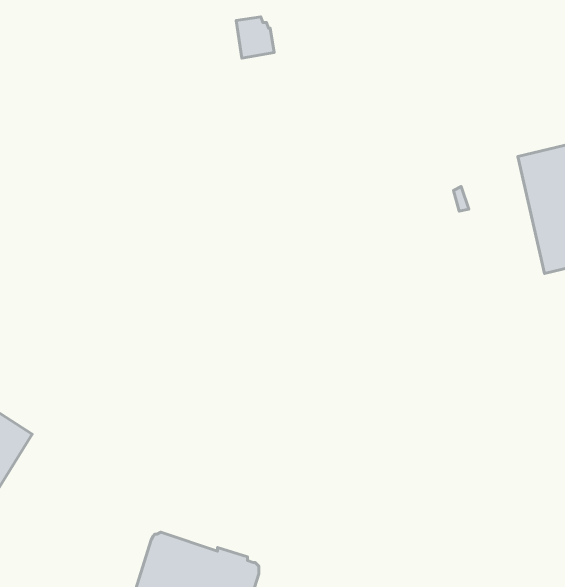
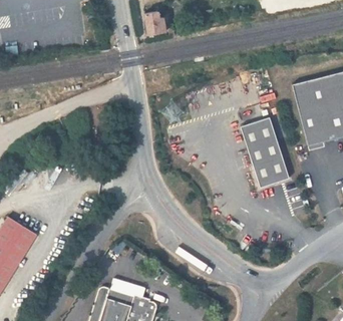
building: none -> [240,115,289,187]

